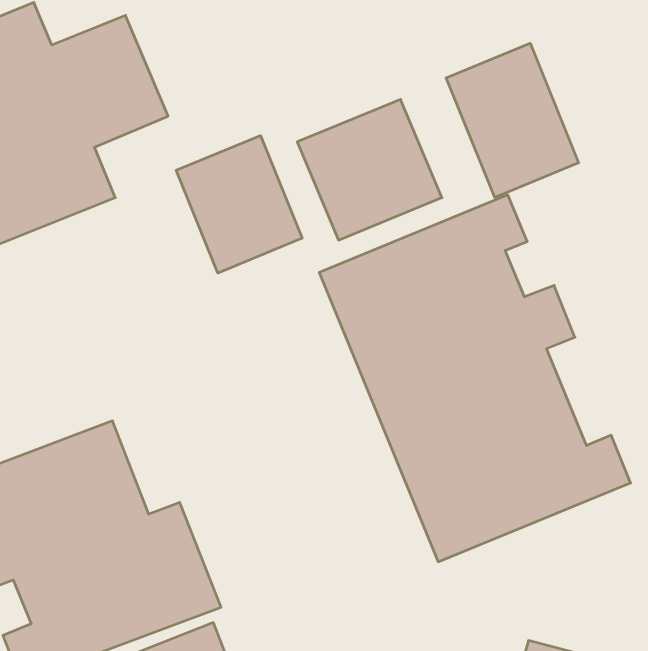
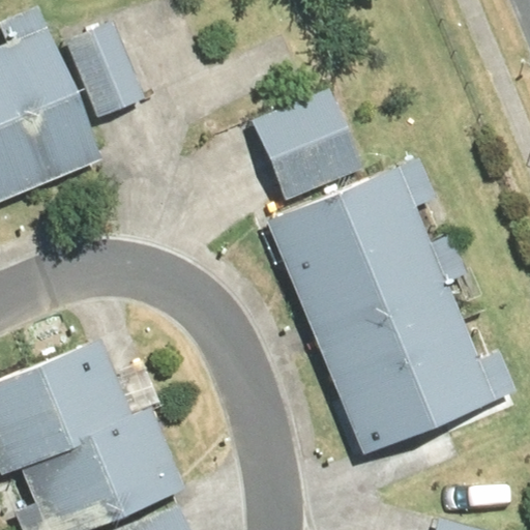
building: [446,43,579,197] -> none
building: [176,136,302,273] -> none

